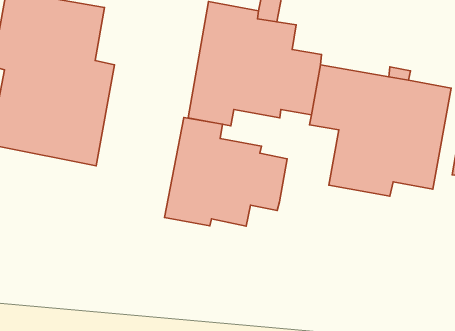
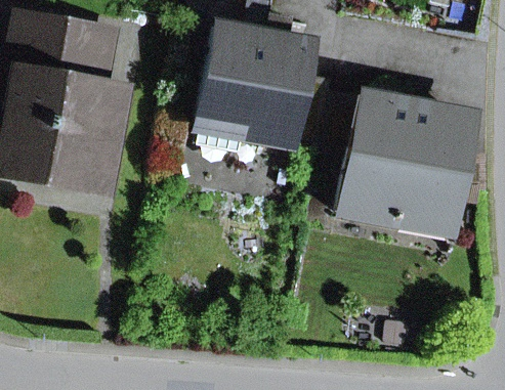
building: [165,117,287,226] -> none

